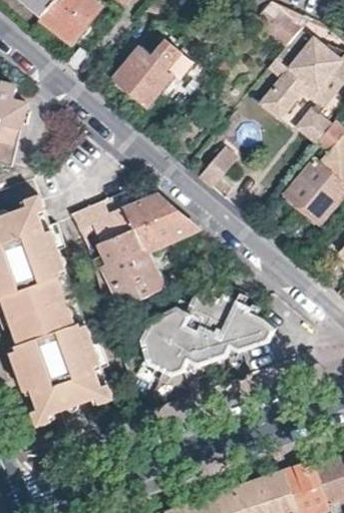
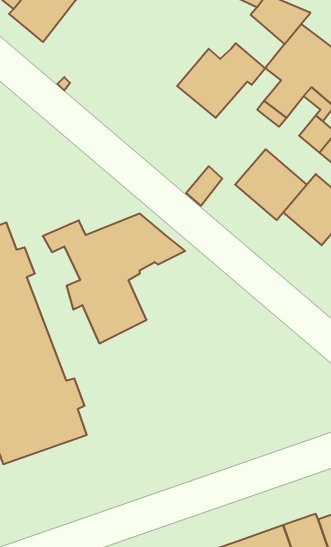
building: [113,40,192,106] -> [177,43,265,118]
building: none -> [235,149,307,220]
building: [140,293,280,375] -> none

